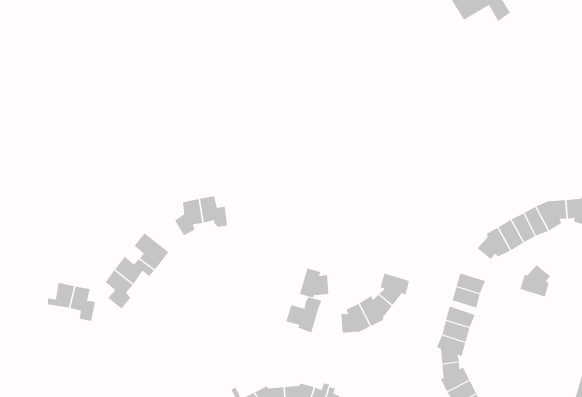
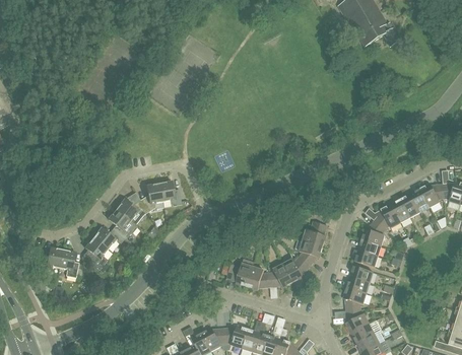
building: none -> [116,199,146,224]
building: none -> [302,221,326,246]
building: [519,264,551,297] -> [360,221,385,246]
building: [299,268,329,298] -> [246,267,269,290]

